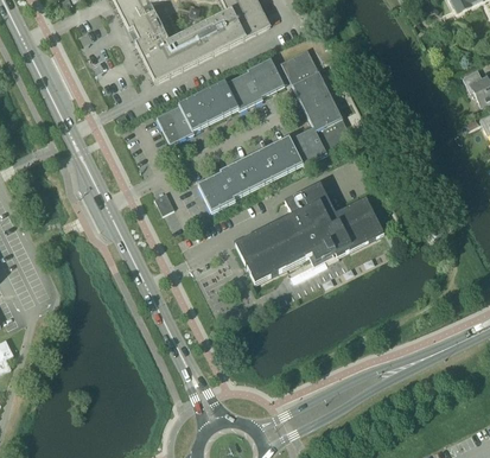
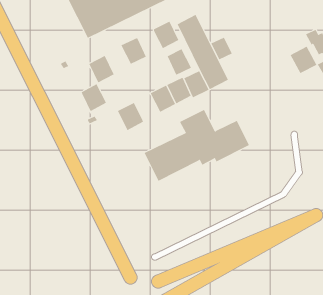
building: [225,71,261,109] -> [167,49,192,75]
building: none -> [211,37,233,60]
building: [178,91,215,133] -> [81,84,107,113]
building: none -> [290,46,317,74]
building: [219,159,256,197] -> none

